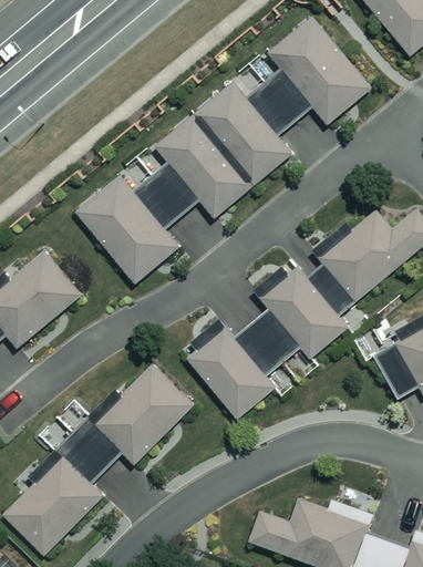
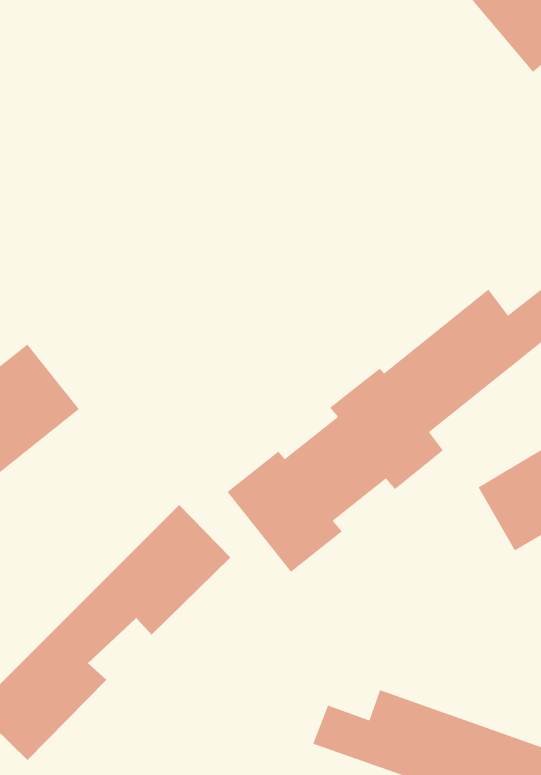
building: [198,19,369,183] -> none
building: [76,118,248,282] -> none

